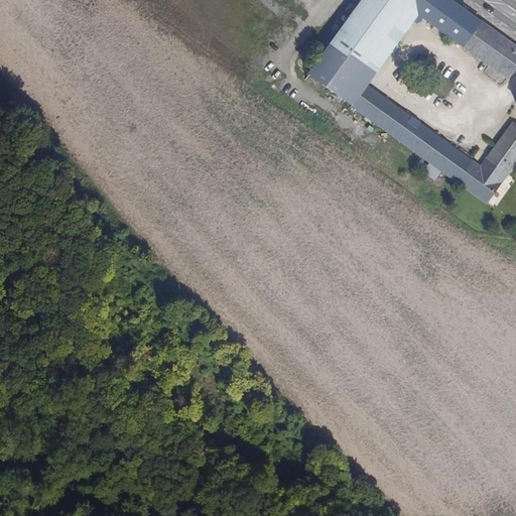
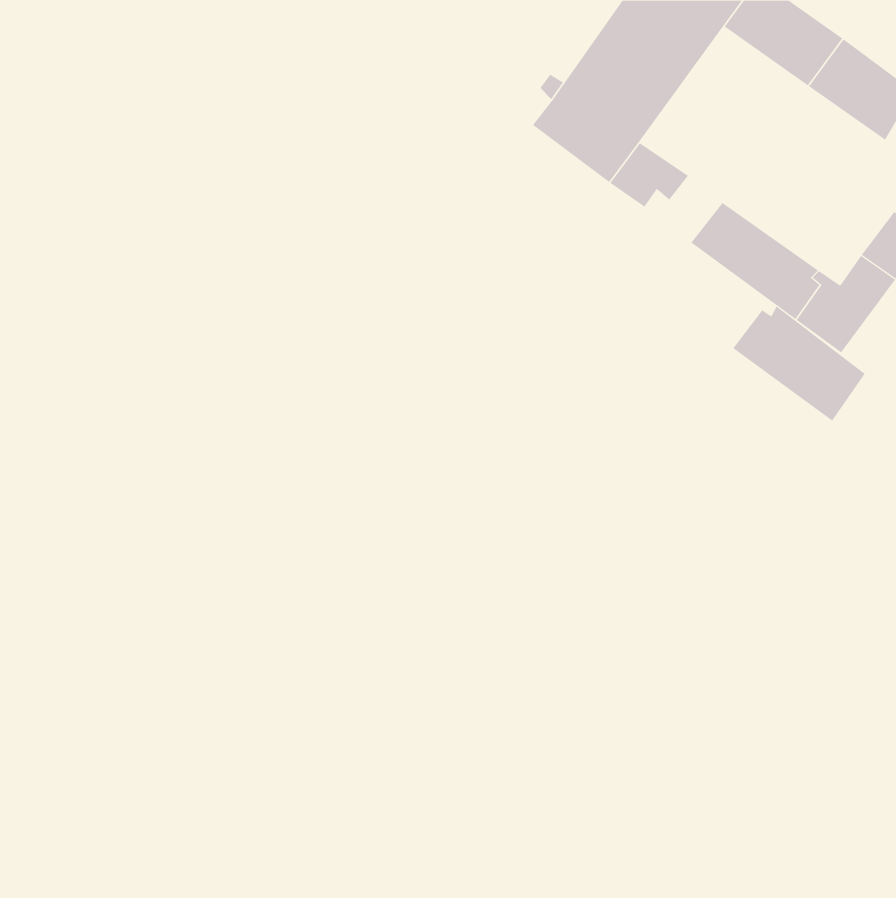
building: [371,101,415,139] -> none
building: none -> [733,306,865,422]

